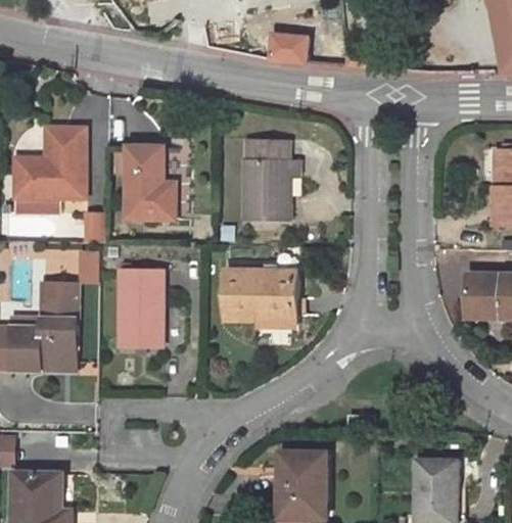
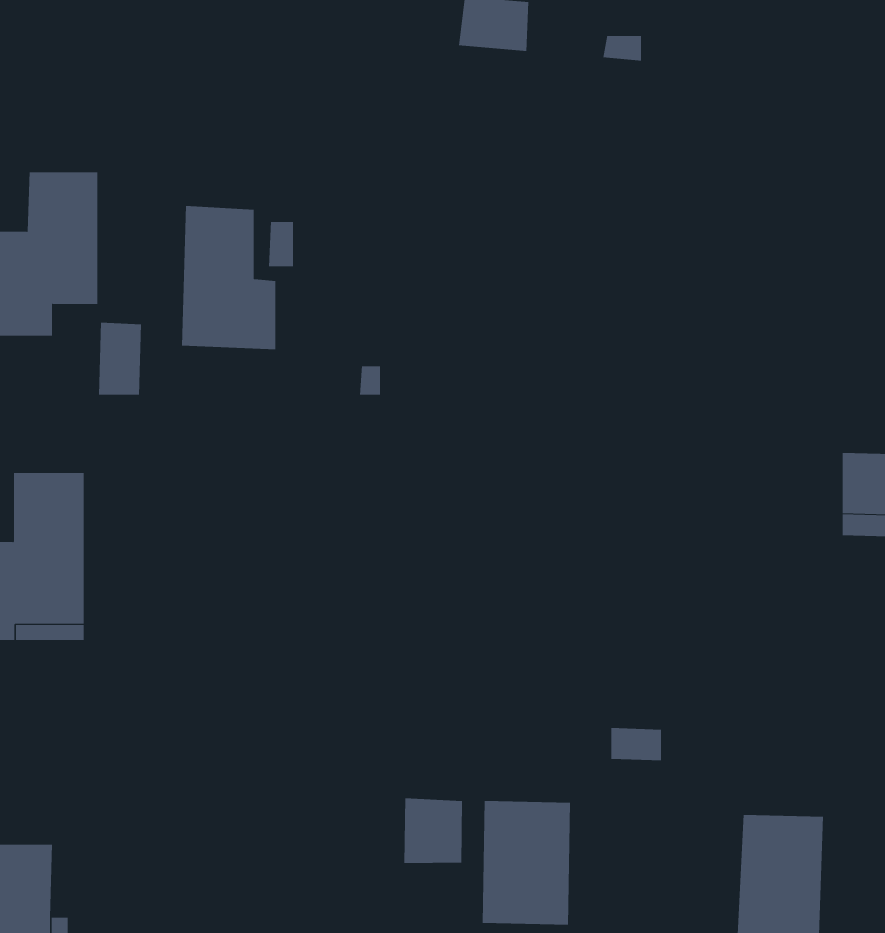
building: [241,139,299,221] -> none
building: [119,264,161,346] -> none
building: [225,271,297,327] -> none
building: none -> [404,797,462,864]

